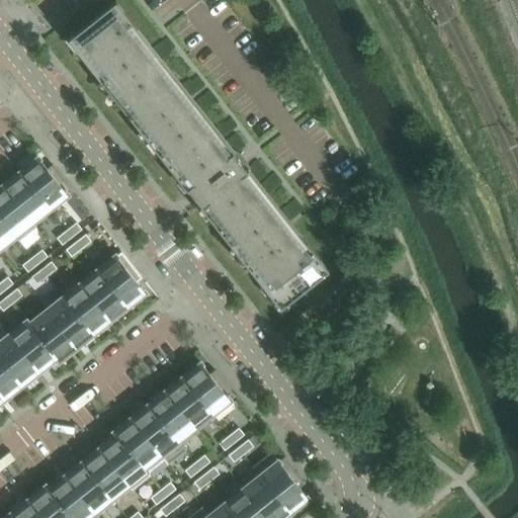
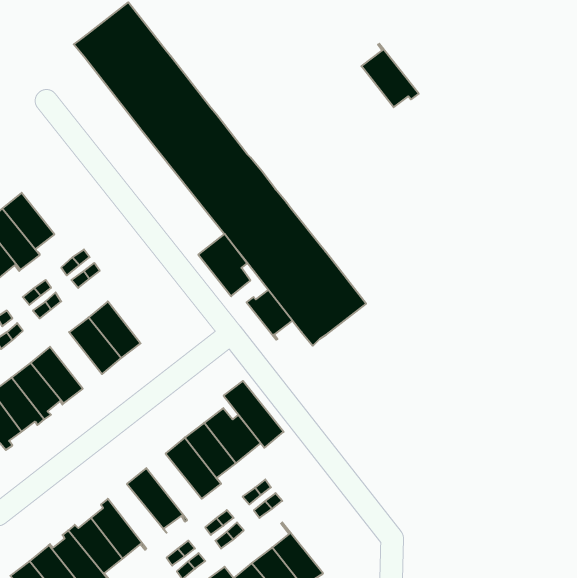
building: none -> [361,44,419,107]
building: [19,160,71,210] -> none
building: [96,252,143,308] -> [198,234,250,296]
building: none -> [247,290,293,340]
building: [45,297,91,348] -> none
building: [131,406,184,465] -> [224,381,284,448]
building: [96,433,149,491] -> none
building: [252,453,306,513] -> none

